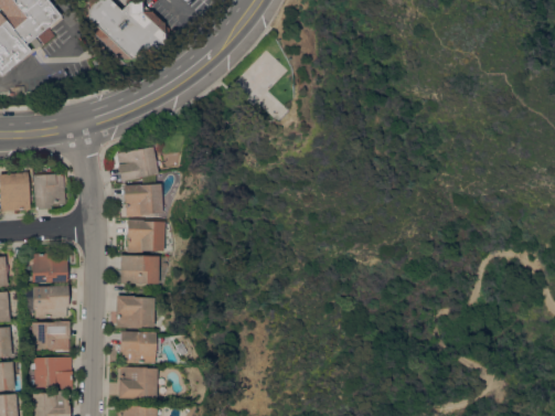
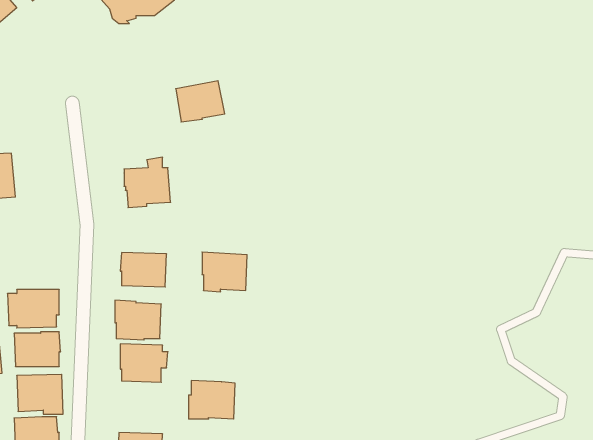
building: [116,147,157,181] -> [176,81,225,122]
building: [33,173,66,210] -> none
building: [126,220,163,253] -> [202,252,247,292]
building: [32,253,67,282] -> none
building: [117,366,156,398] -> [189,381,235,419]

